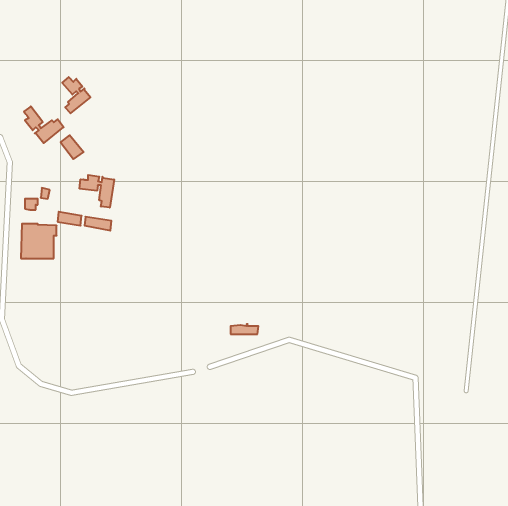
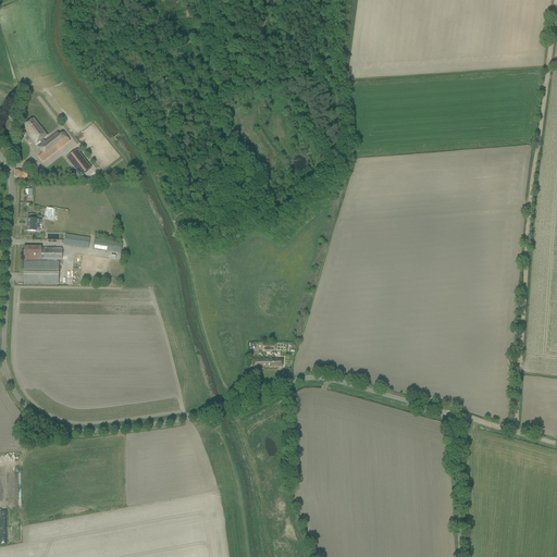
building: [62,77,90,113] -> none
building: [80,175,114,208] -> none

